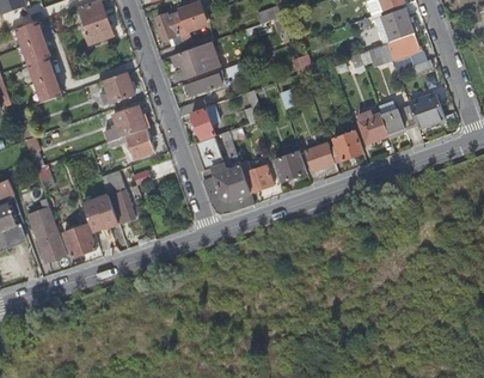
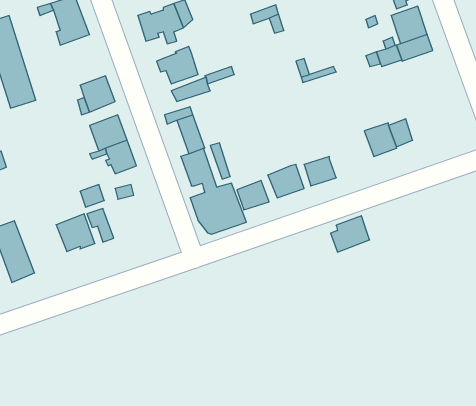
building: [406,92,442,127] -> none
building: [326,130,361,163] -> [331,216,370,252]
building: [61,219,94,251] -> none

